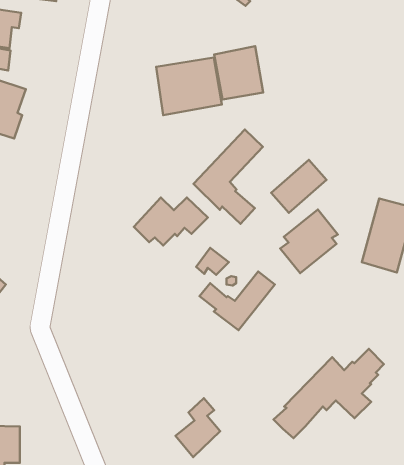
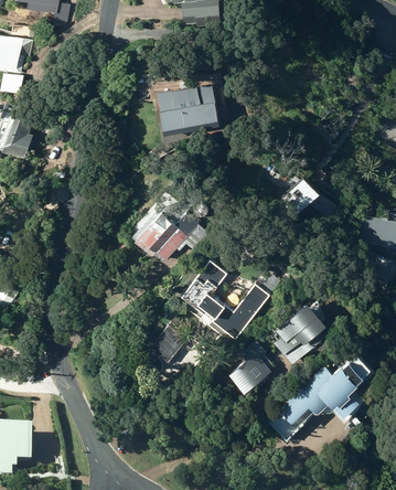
building: [214,46,263,99] -> none
building: [193,129,263,224] -> none
building: [280,210,338,273] -> [274,306,328,365]
building: none -> [150,327,185,362]
building: [176,398,220,457] -> [229,340,271,395]

